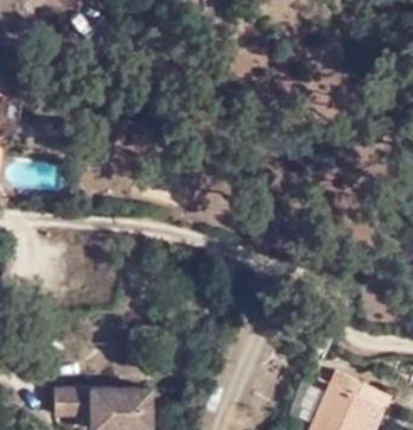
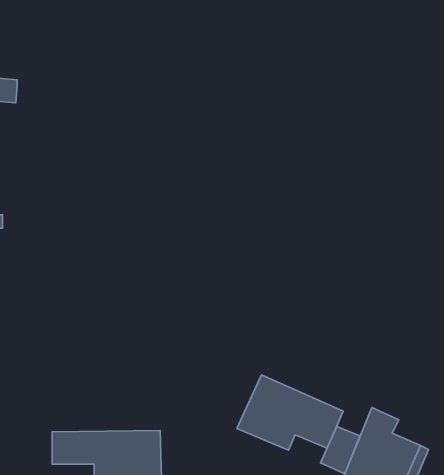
building: none -> [237,375,343,450]

